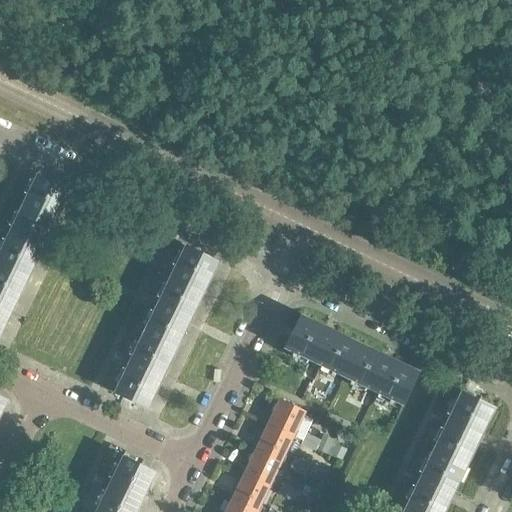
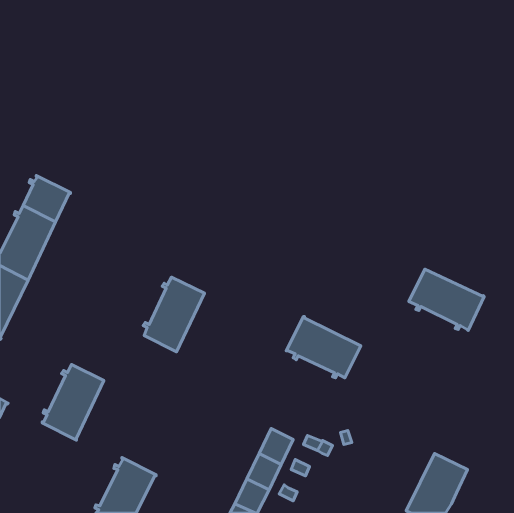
building: [170,245,218,291] -> none
building: [114,333,175,408] -> [42,364,104,440]
building: [342,343,417,404] -> [409,269,484,331]
building: [431,391,493,466] -> none
building: [269,400,304,436] -> none

